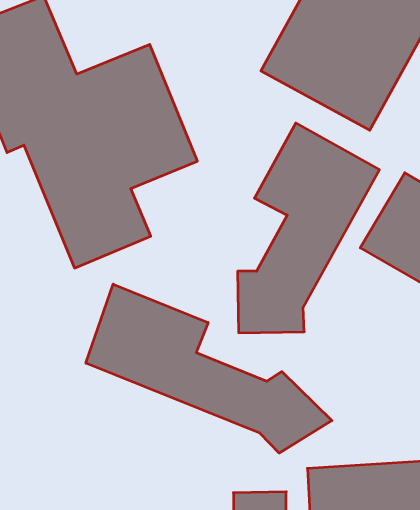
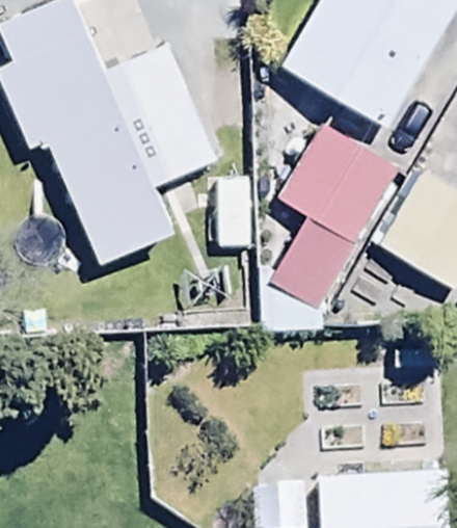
building: [86,284,332,453] -> none

